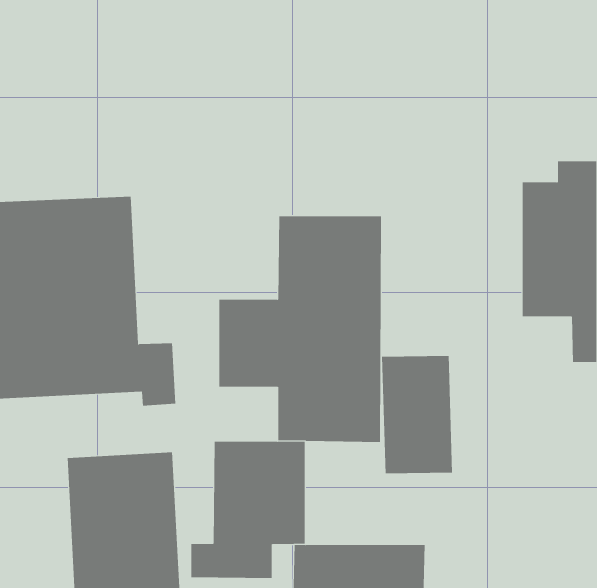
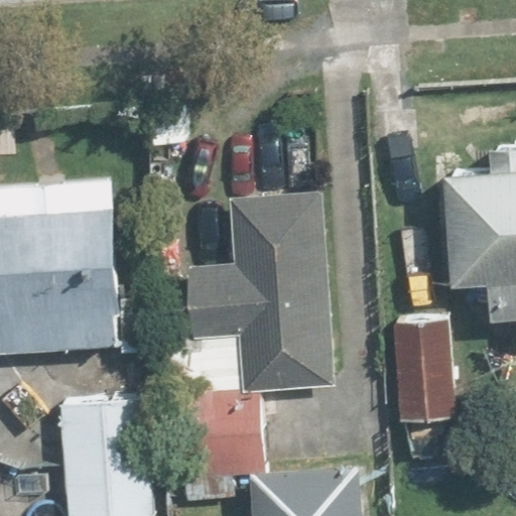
building: [381,355,453,474] -> [394,324,456,425]

